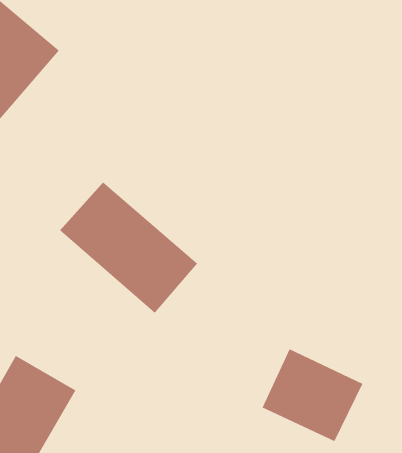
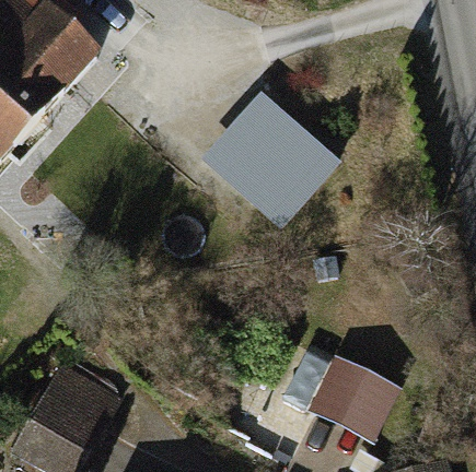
building: none -> [209,92,340,222]
building: [59,181,198,314] -> none

